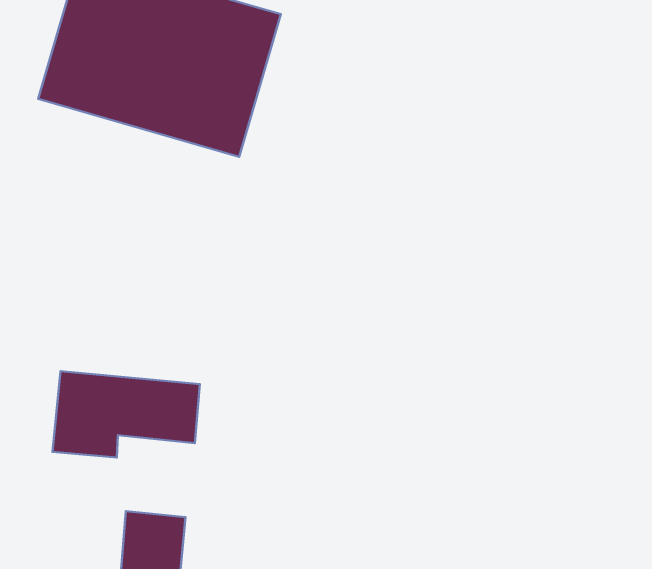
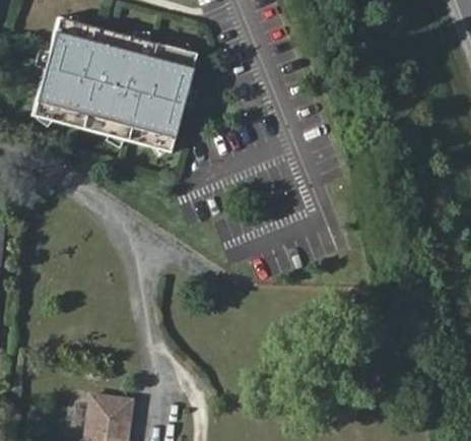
building: [53,371,200,458] -> none

